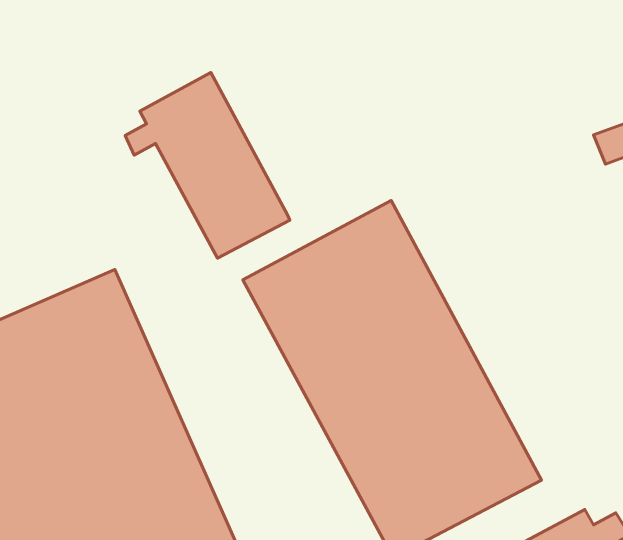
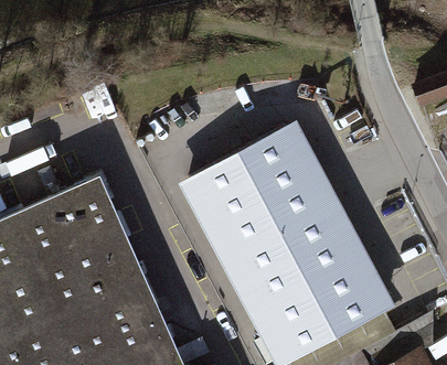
building: [125,72,290,258] -> none

